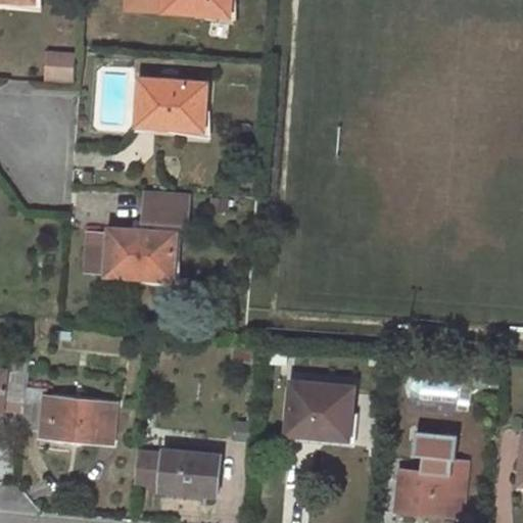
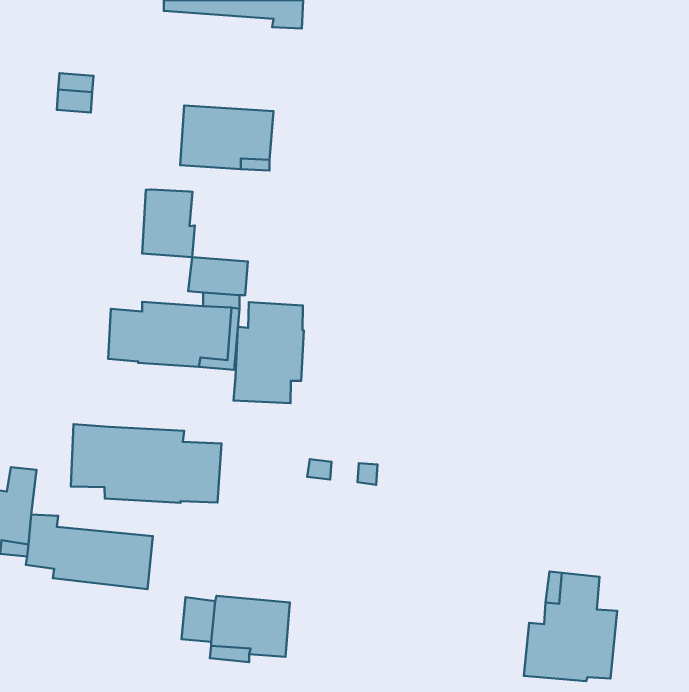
building: none -> [142,189,195,257]
building: none -> [234,302,304,403]
building: none -> [71,424,222,503]
building: [285,383,351,438] -> none

